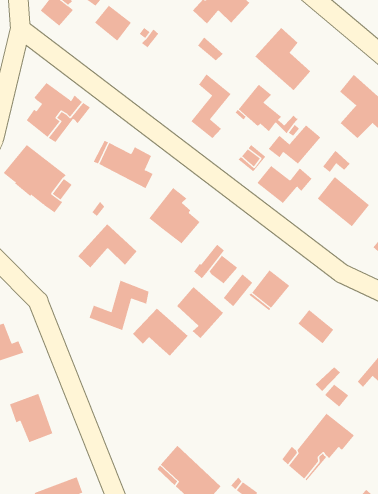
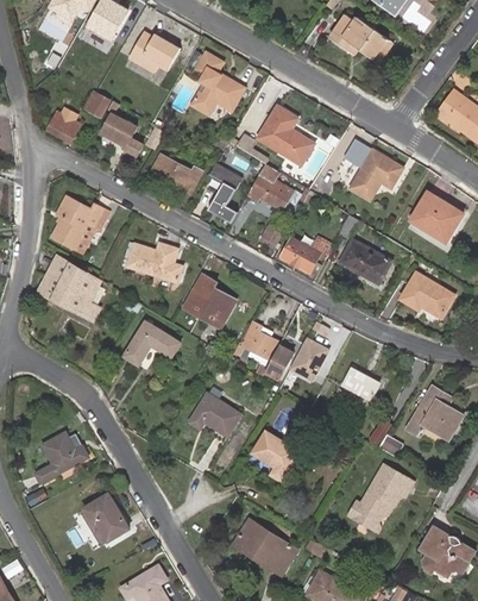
building: none -> [149,154,201,193]
building: [268,125,321,164] -> none
building: [89,280,149,331] -> none
building: [176,286,224,339] -> [251,431,297,480]

